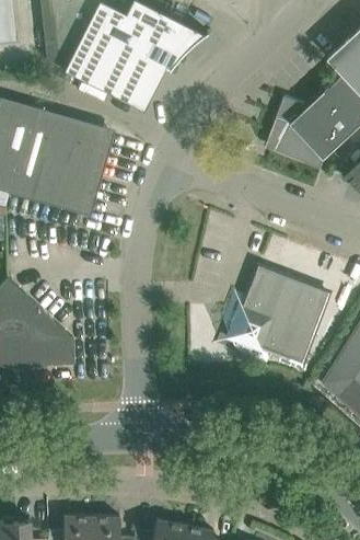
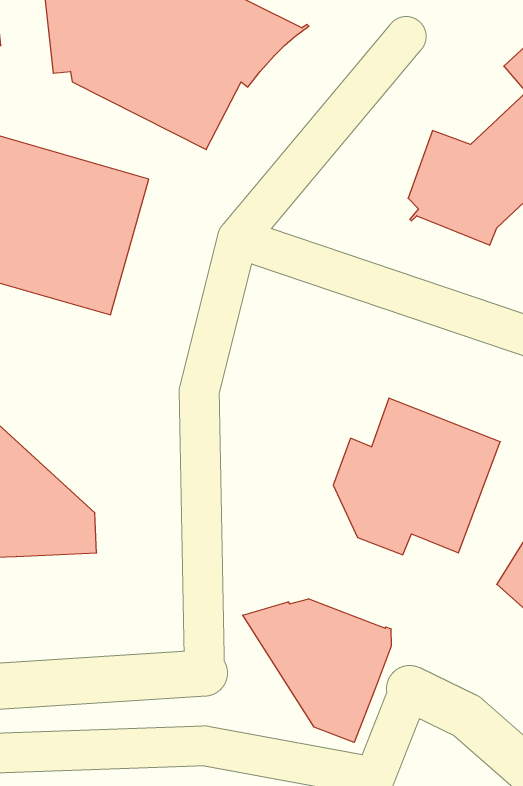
building: none -> [243,599,391,742]

